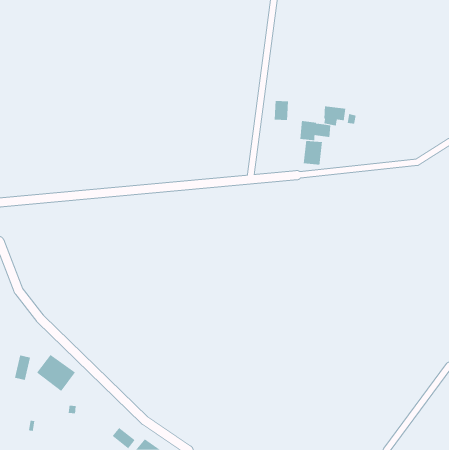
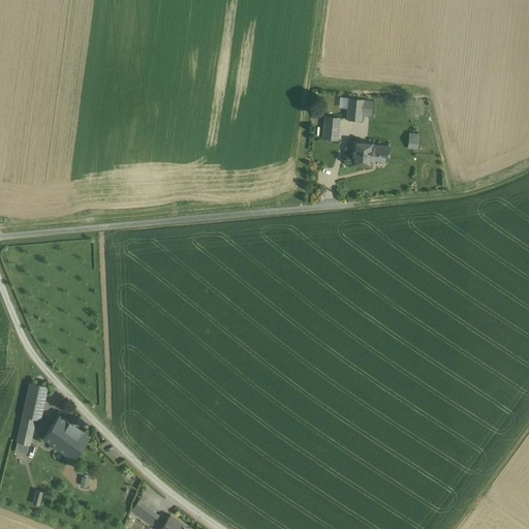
building: [323,106,346,126] -> [345,99,372,123]
building: [303,140,322,166] -> none
building: none -> [23,382,49,419]

